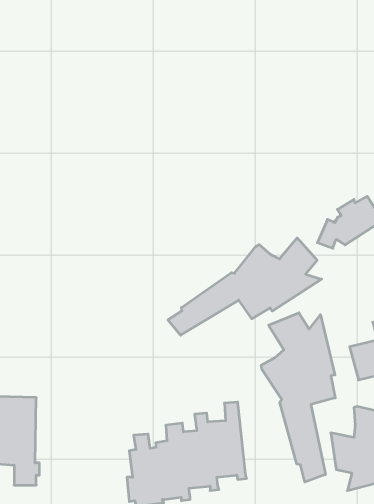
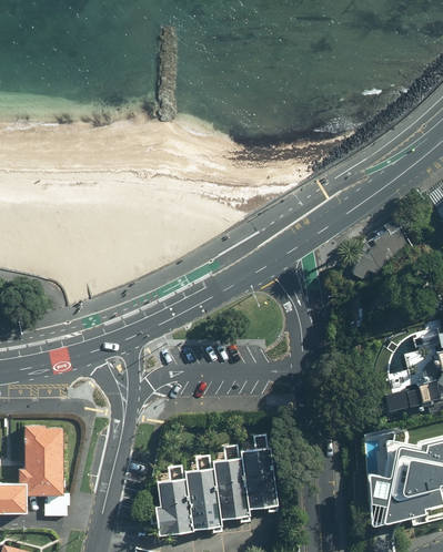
building: [168,238,322,335] -> none
building: [261,313,335,482] -> none

